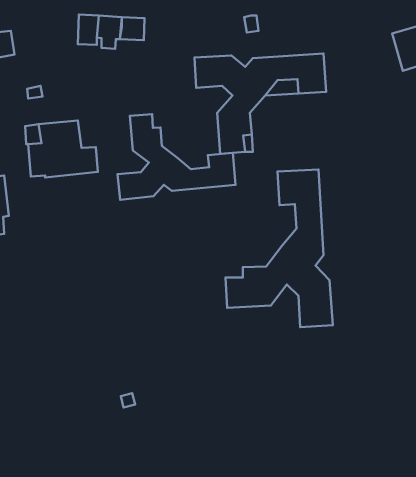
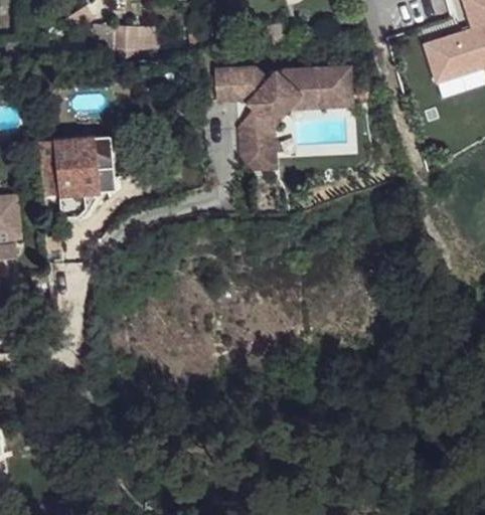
building: [118,114,236,200] -> none
building: [226,170,333,327] -> none

